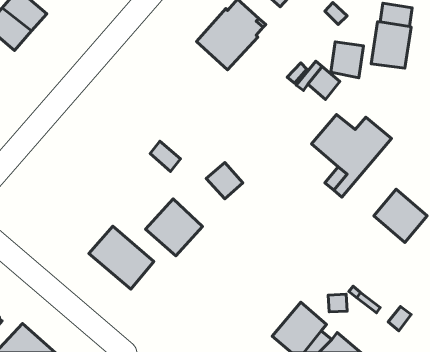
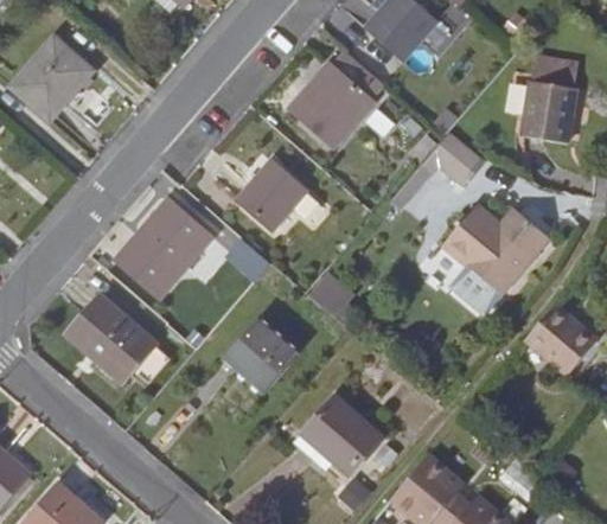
building: [331,42,364,78] -> none
building: none -> [237,161,305,230]
building: none -> [114,199,210,298]
building: [89,226,154,289] -> [66,298,153,382]
building: none -> [294,397,381,474]

